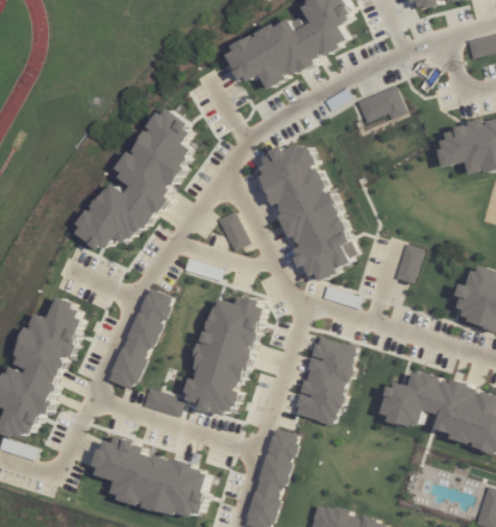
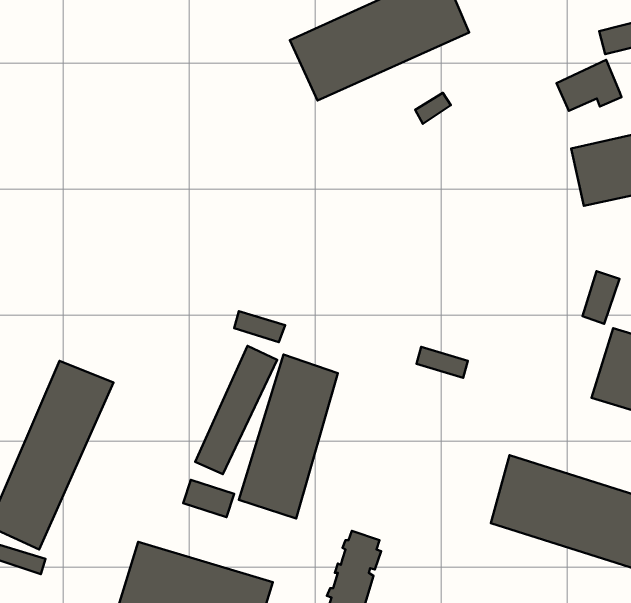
building: [353,84,404,123] -> [557,60,622,111]
building: [75,109,199,255] -> none
building: [259,143,357,275] -> none
building: [217,212,247,252] -> none
building: [393,243,422,284] -> [583,271,620,324]
building: [108,287,171,387] -> [195,346,277,474]
building: [290,332,353,422] -> none

